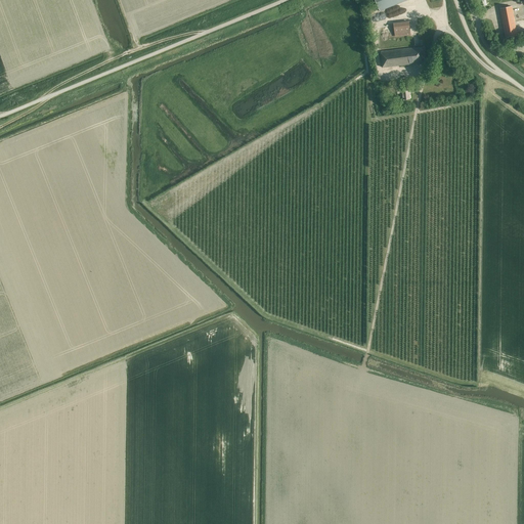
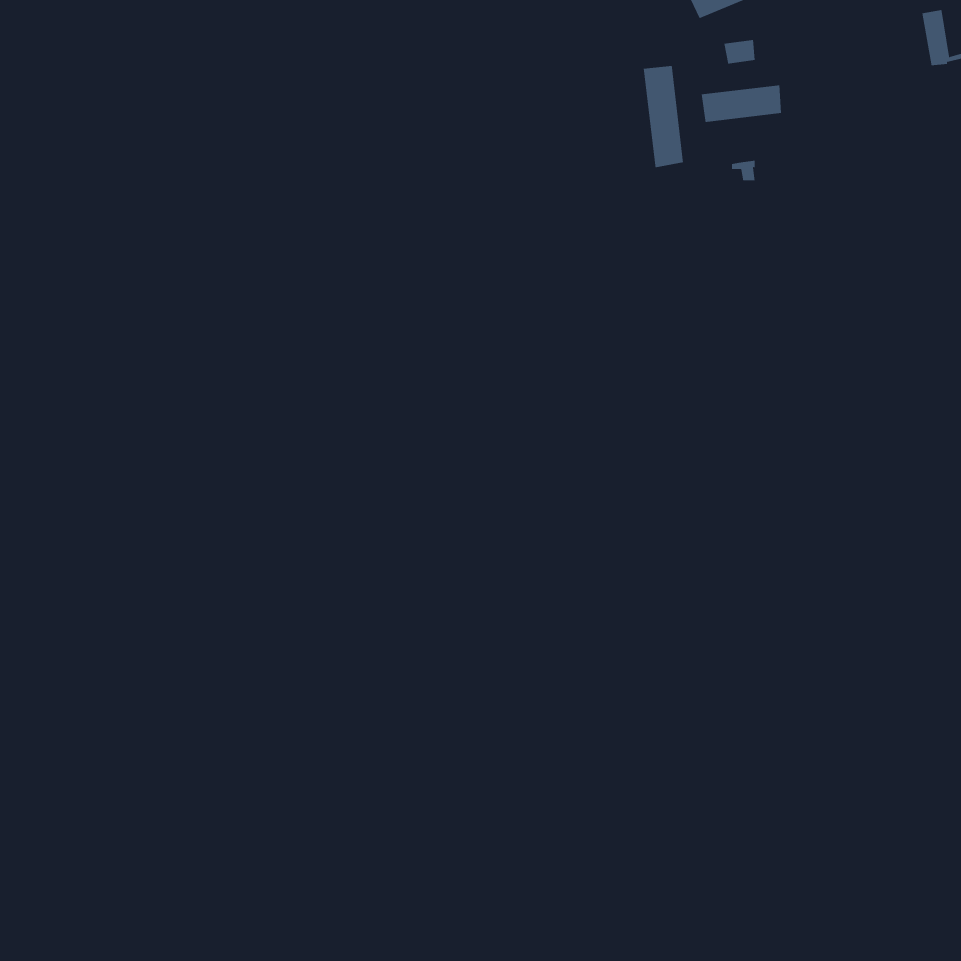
building: none -> [643,65,683,168]

